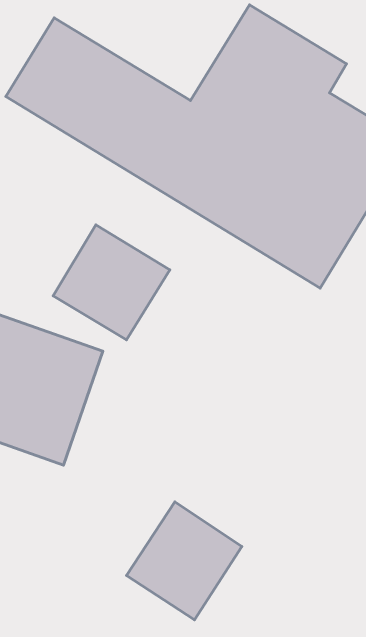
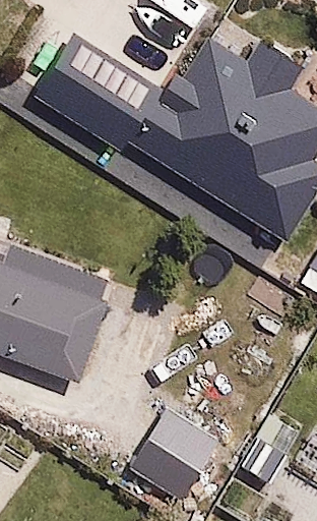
building: [53,225,170,340] -> none

